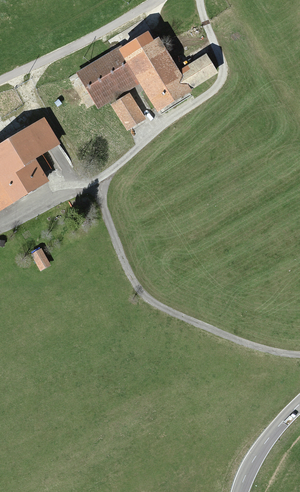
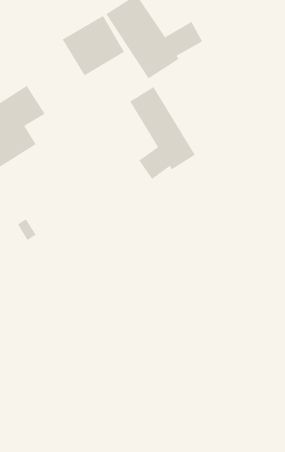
building: [111,93,144,129] -> none
building: none -> [130,86,196,180]

